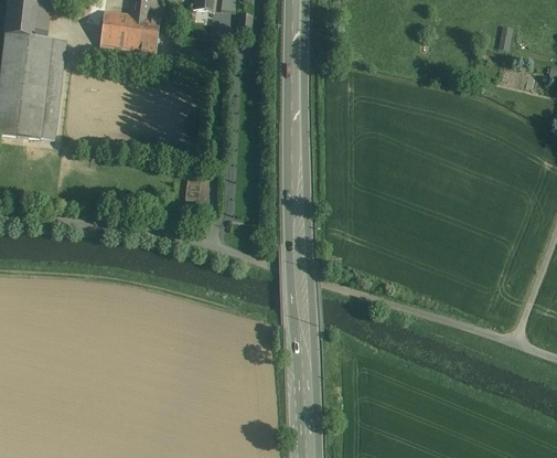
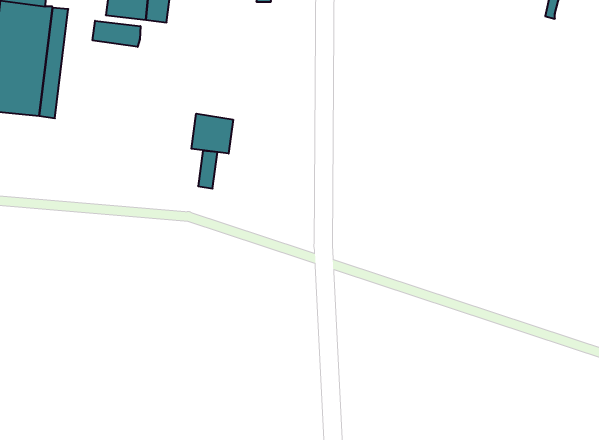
building: none -> [93,21,140,47]
building: none -> [191,114,233,154]

